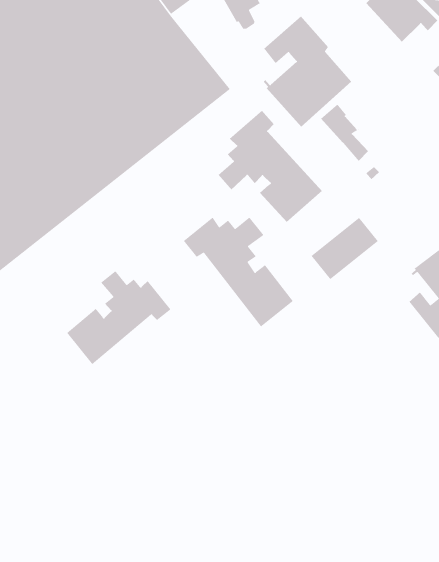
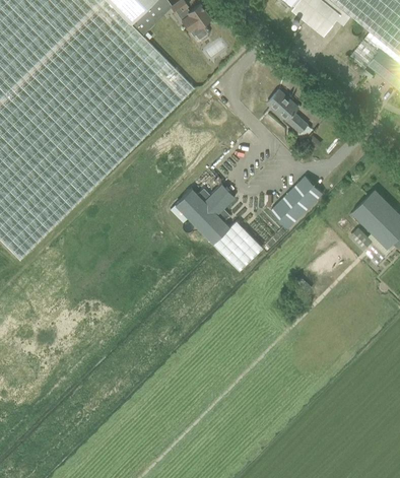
building: [263,15,352,127] -> none
building: [217,110,323,223] -> none
building: [66,270,172,365] -> none

